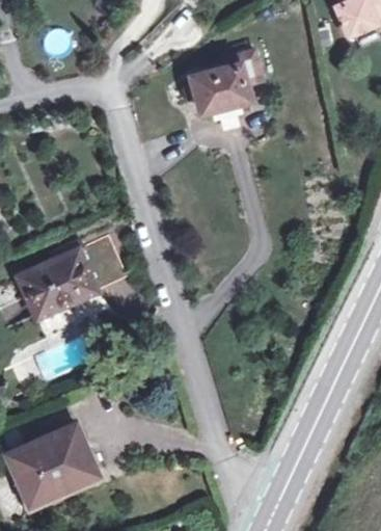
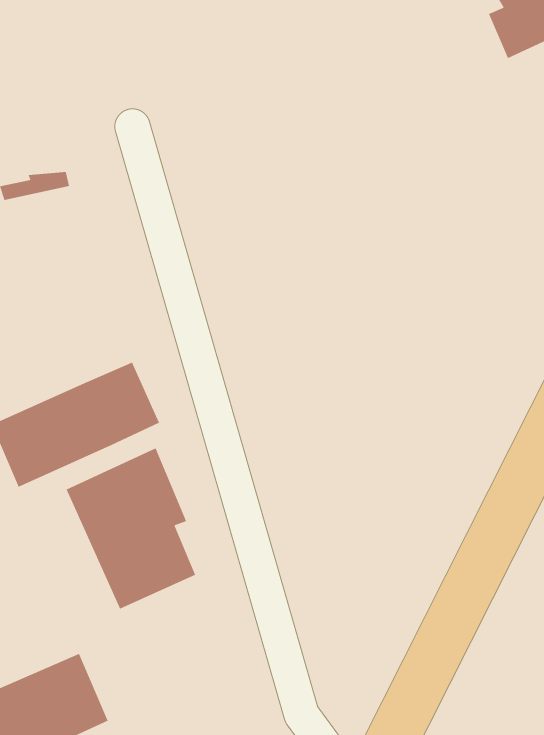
building: [190,51,260,115] -> none
building: none -> [66,448,196,609]

